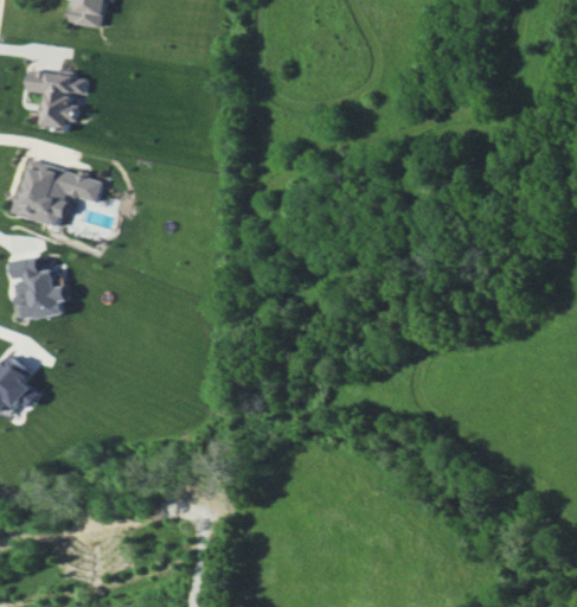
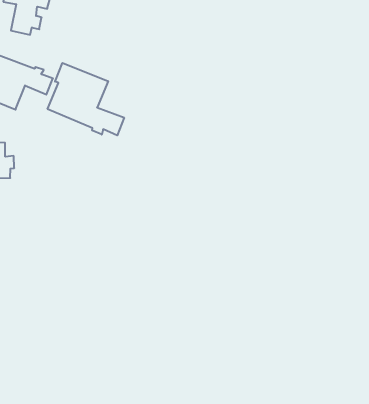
building: none -> [48,63,124,135]

